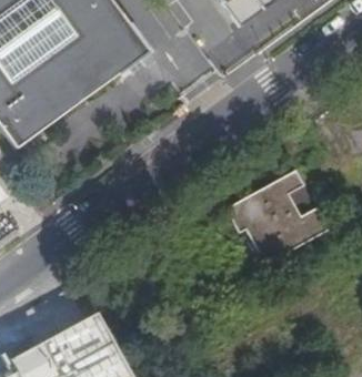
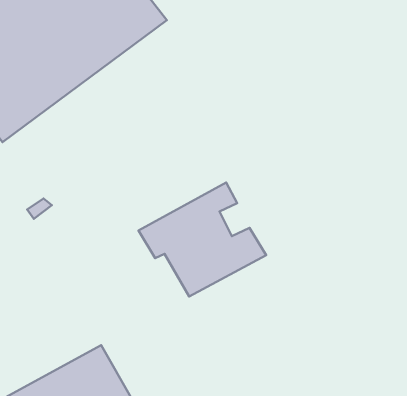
building: [227,172,330,264] -> [139,183,266,296]

